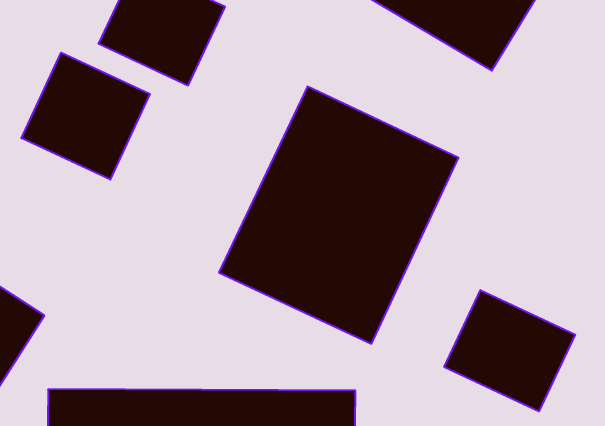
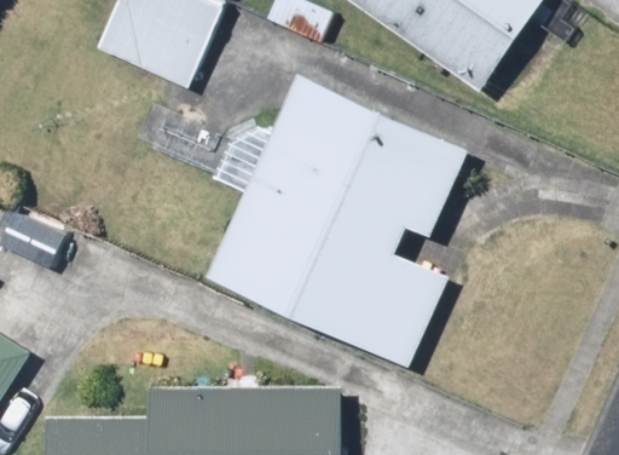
building: [21,53,150,180] -> none
building: [444,290,575,411] -> none

